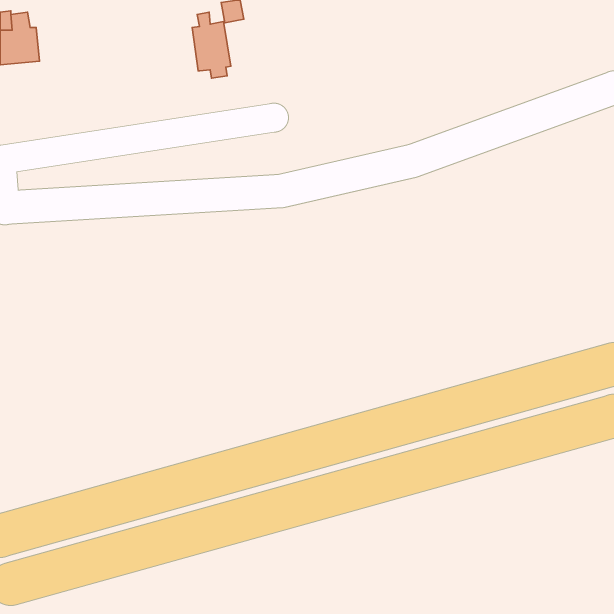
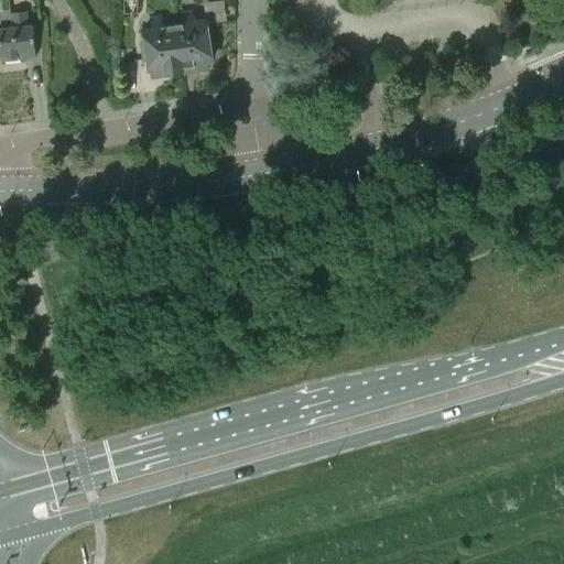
building: none -> [141,15,184,78]

